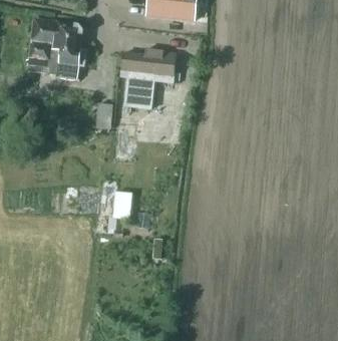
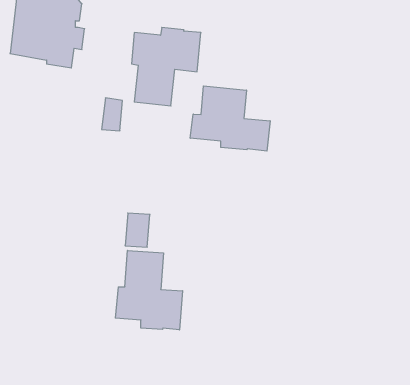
building: none -> [190,86,270,151]
building: none -> [115,250,183,330]

